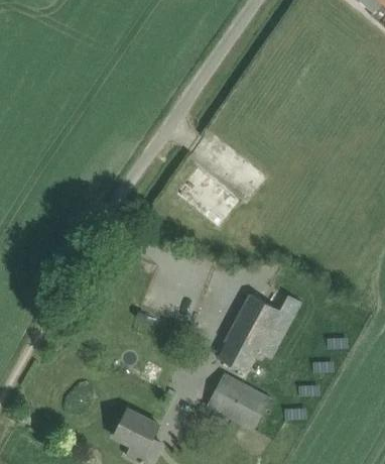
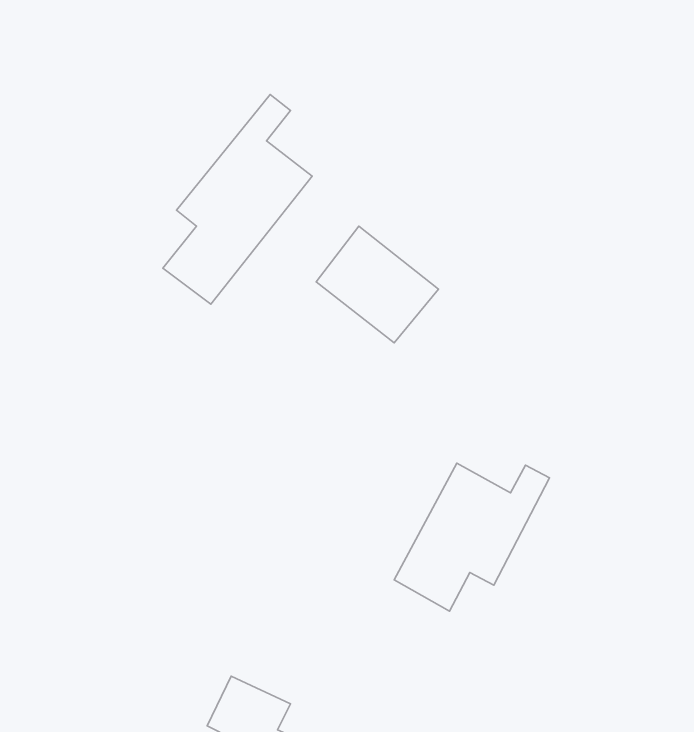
building: none -> [163,95,312,304]
building: [207,373,270,431] -> none

